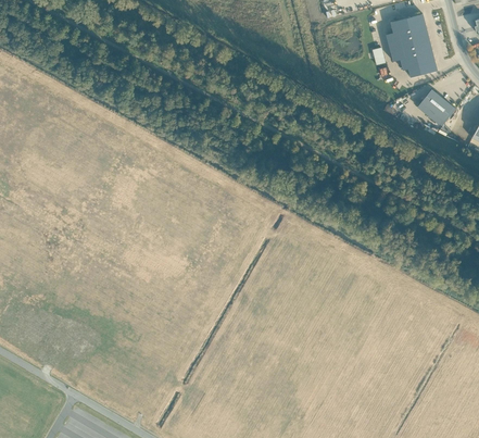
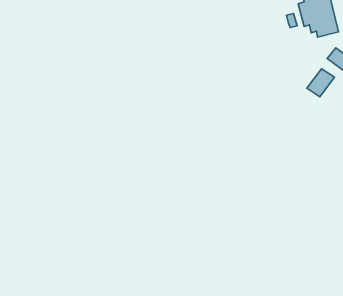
building: none -> [307,69,334,97]

